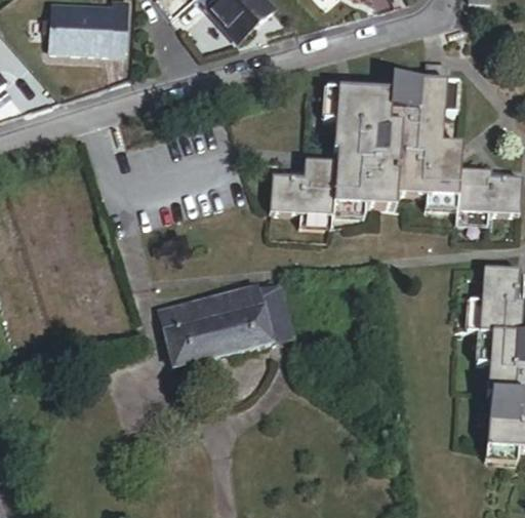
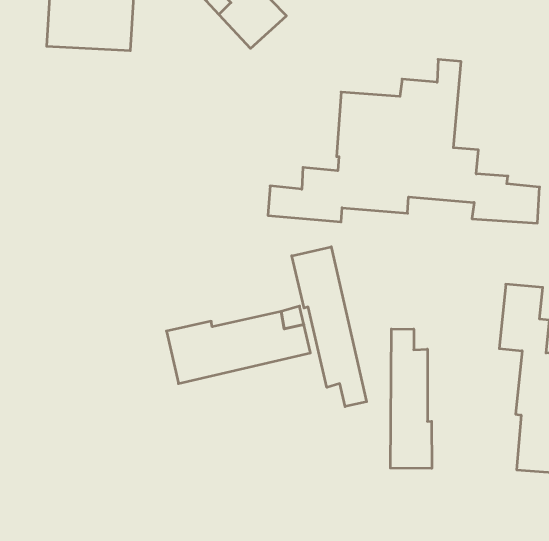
building: none -> [292,247,367,407]
building: none -> [390,329,432,468]

